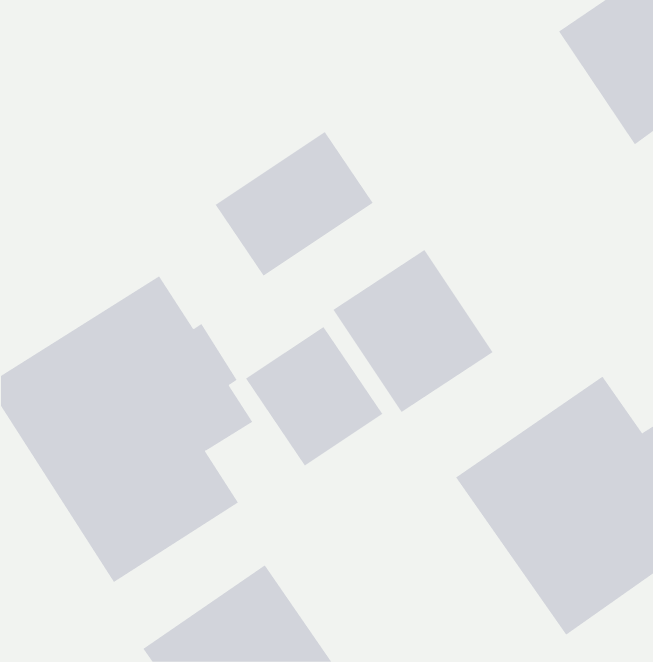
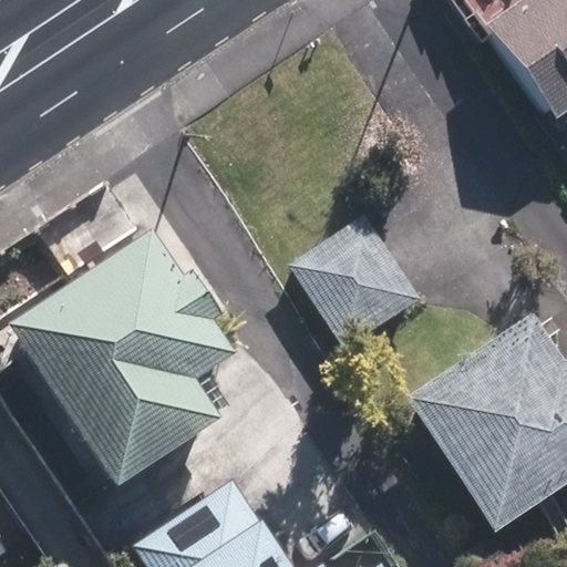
building: [215,131,374,276] -> none
building: [245,326,383,466] -> none

